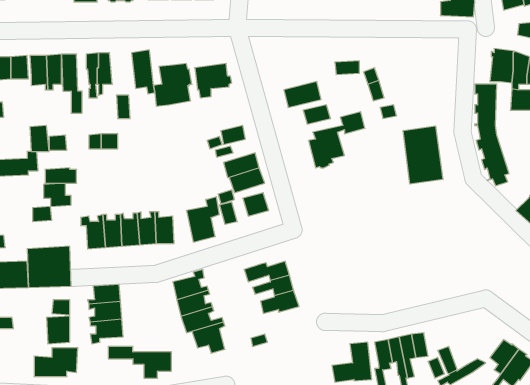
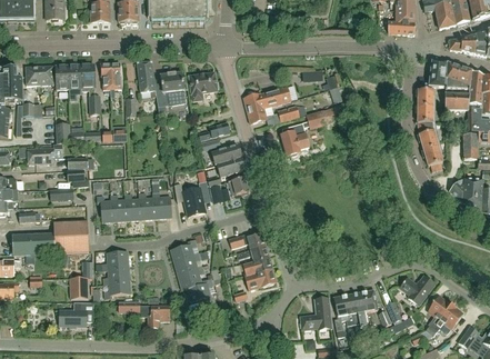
building: none -> [243,93,267,123]
building: [403,126,443,184] -> none
building: none -> [243,269,277,290]
building: none -> [400,276,434,306]

